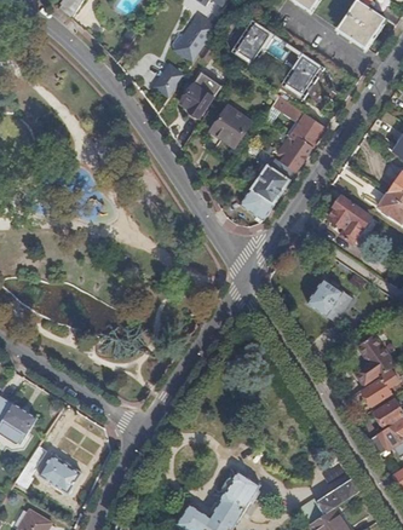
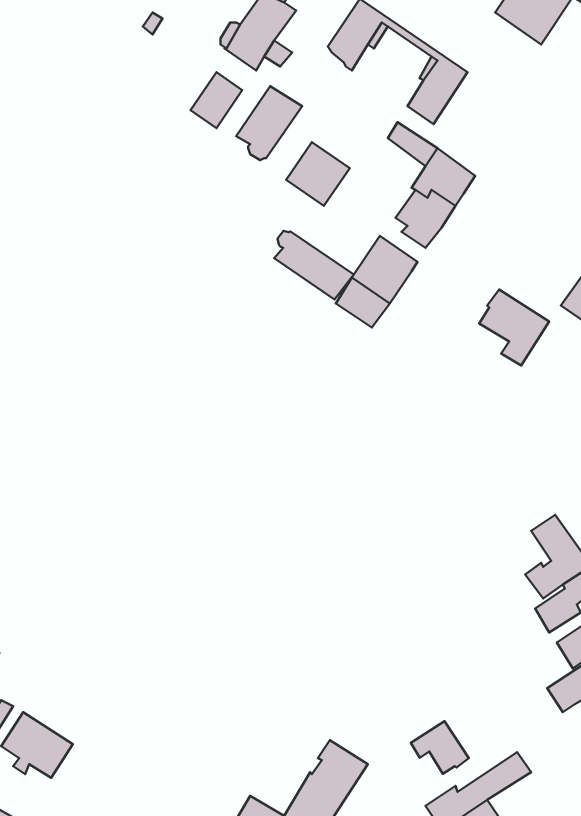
building: none -> [274,231,354,300]
building: [306,277,351,321] -> none
building: none -> [411,721,469,774]

